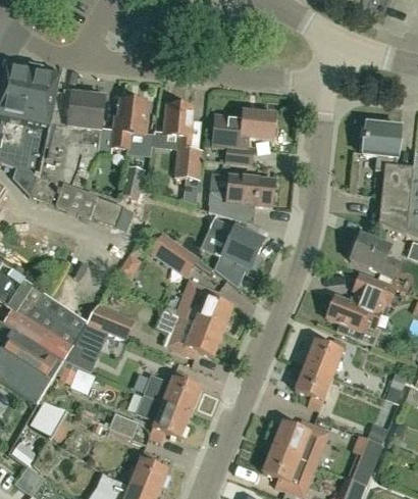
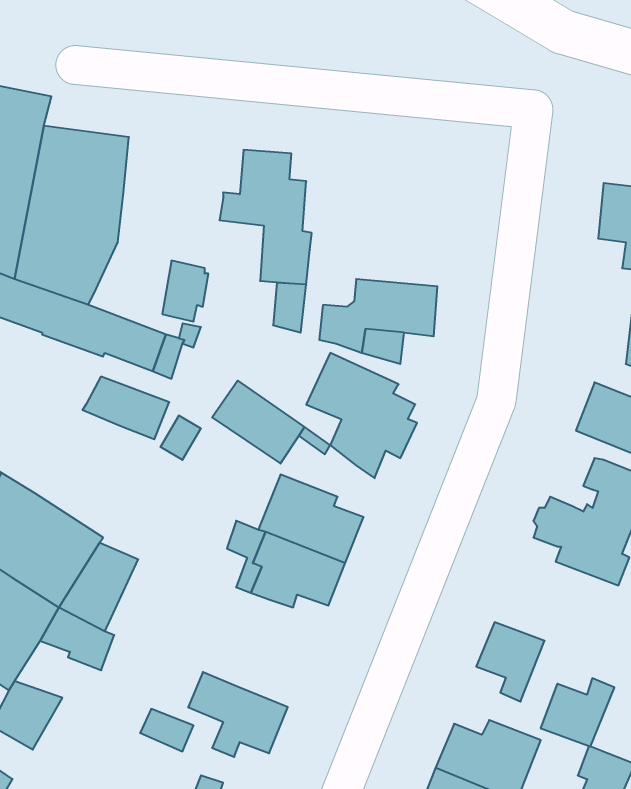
building: [97,99,155,155] -> none
building: [211,111,275,163] -> none
building: [87,303,135,338] -> [82,377,169,439]
building: [305,338,346,376] -> [541,678,614,746]
building: [144,368,201,412] -> none

